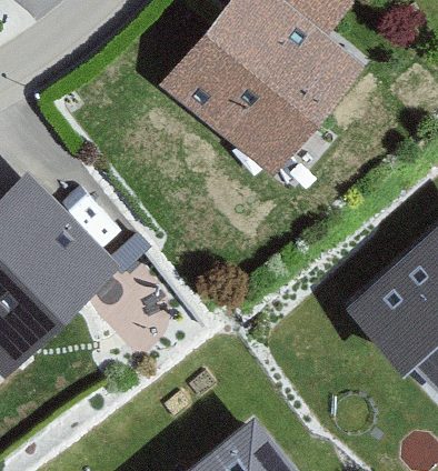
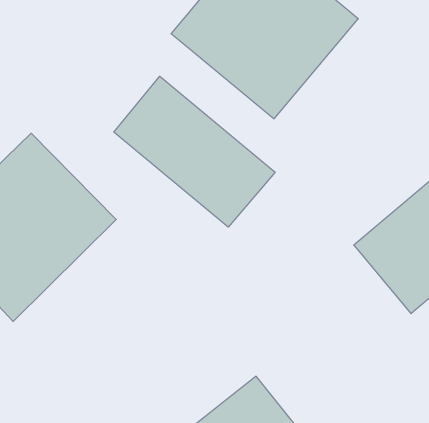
building: none -> [114,76,275,227]

